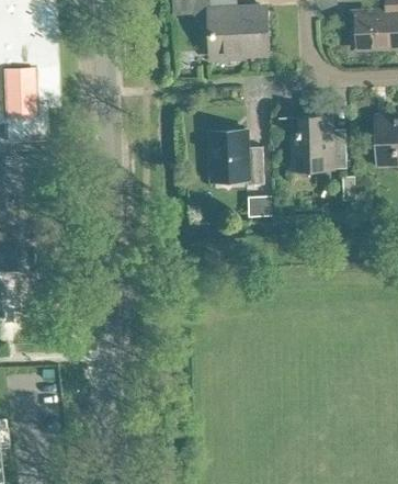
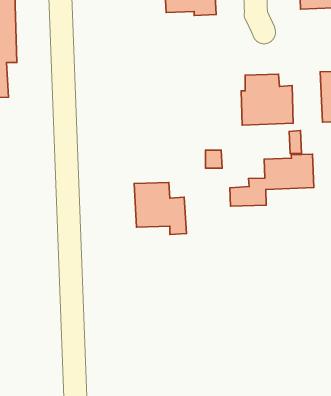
building: [209,131,264,185] -> [134,182,186,235]
building: none -> [230,154,314,206]

